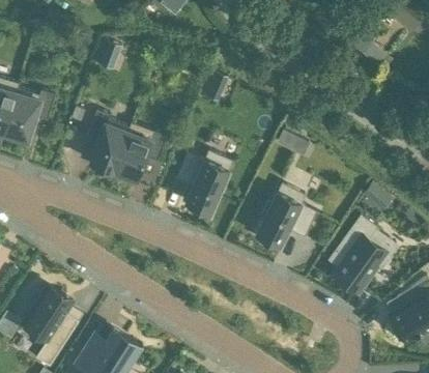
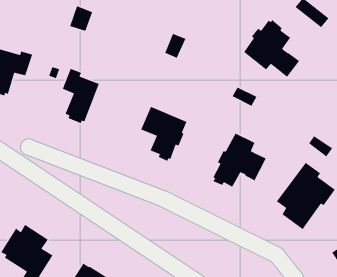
building: none -> [243,19,300,78]
building: [113,123,166,182] -> none

